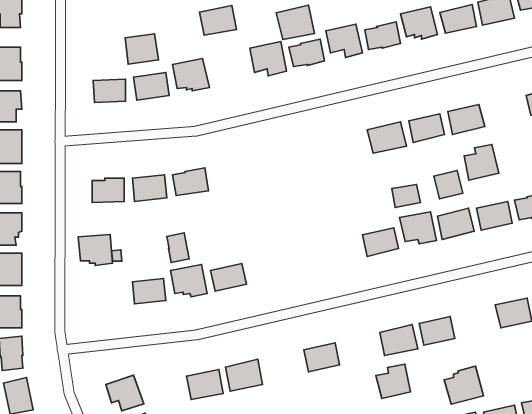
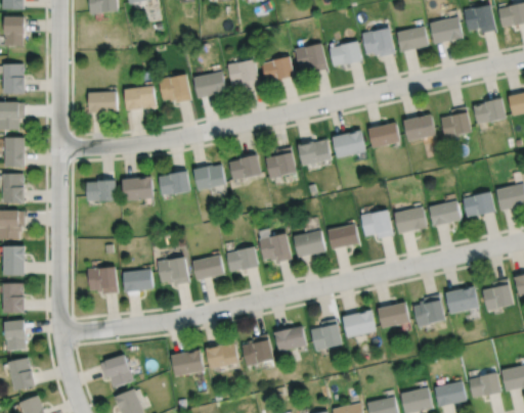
building: [276,5,315,39] -> none
building: [200,5,236,35] -> [193,72,226,98]
building: [125,34,159,64] -> none
building: none -> [298,140,332,166]
building: none -> [265,146,297,178]
building: [464,144,499,180] -> [441,107,472,139]
building: none -> [229,153,261,180]
building: none -> [192,165,225,190]
building: [434,170,463,199] -> none
building: [392,185,420,207] -> none
building: [167,233,189,262] -> none
building: [78,234,113,265] -> [87,267,118,294]
building: none -> [293,230,326,258]
building: none -> [258,233,292,263]
building: none -> [226,246,258,271]
building: none -> [242,333,273,365]
building: [376,364,410,399] -> [311,319,342,350]
building: [444,366,483,404] -> [411,294,446,328]

